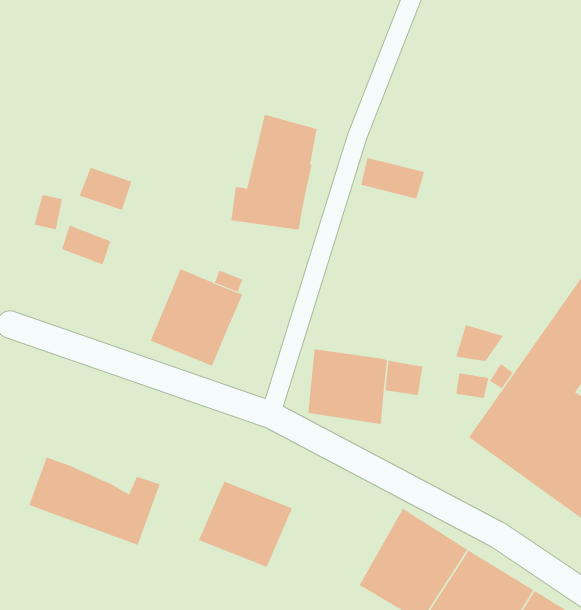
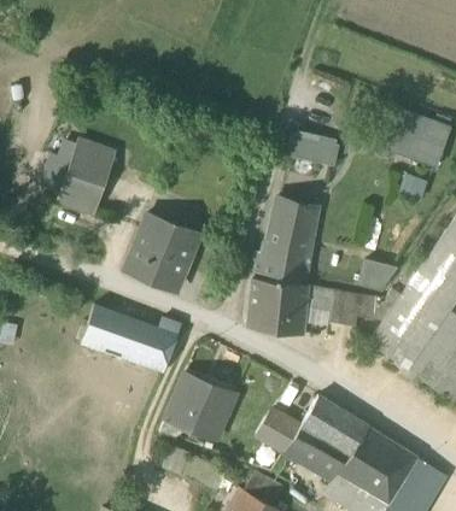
building: [230,114,317,230] -> [252,196,317,283]
building: none -> [392,112,448,163]
building: none -> [69,161,109,195]
building: none -> [328,289,361,325]
building: [29,457,161,545] -> [82,305,181,371]
building: none -> [257,410,302,453]

